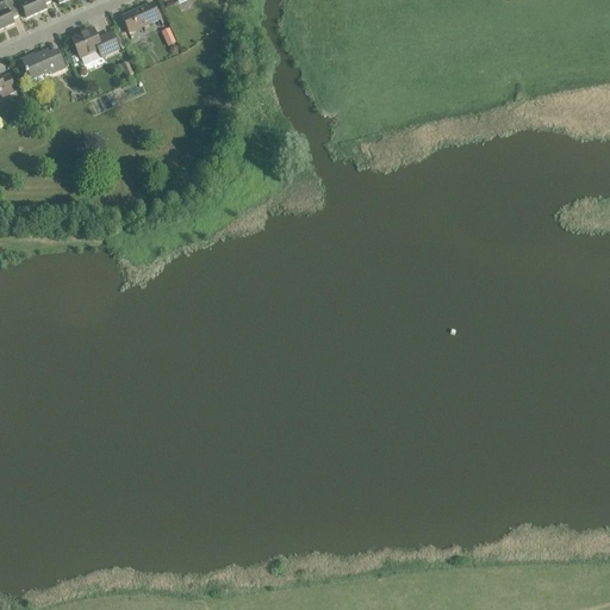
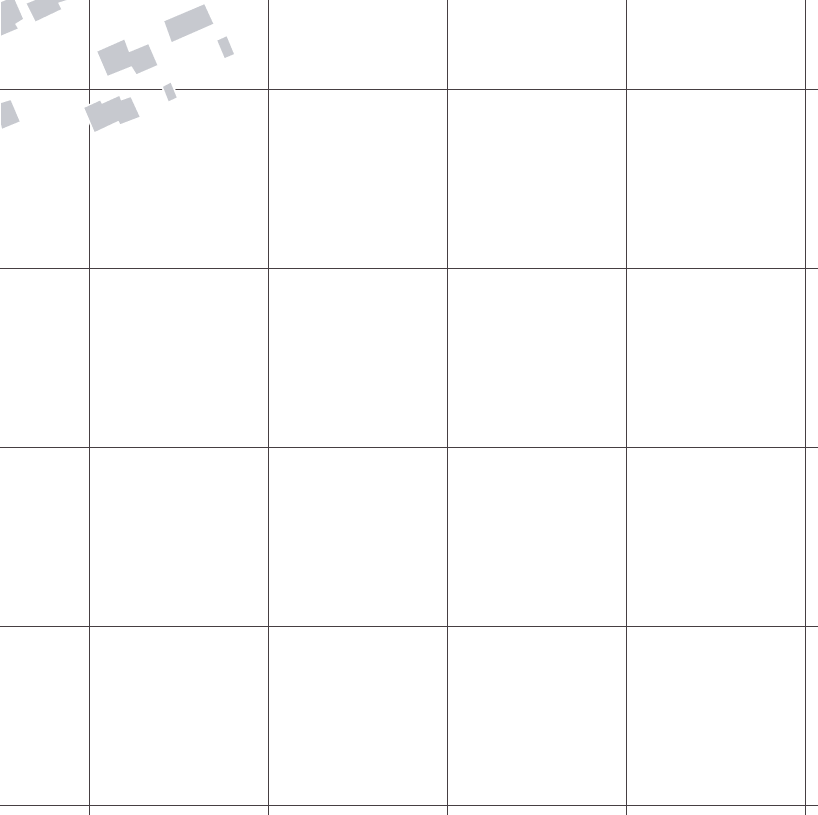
building: [21,50,64,79] -> [83,95,141,133]

